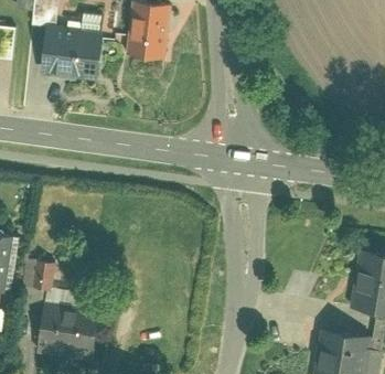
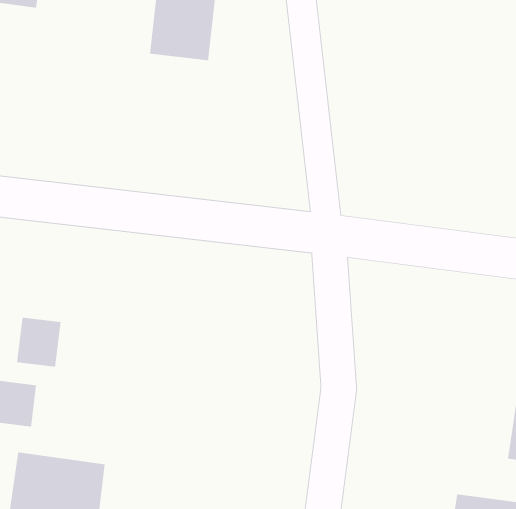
building: [42,29,101,81] -> none
building: none -> [16,317,61,368]

